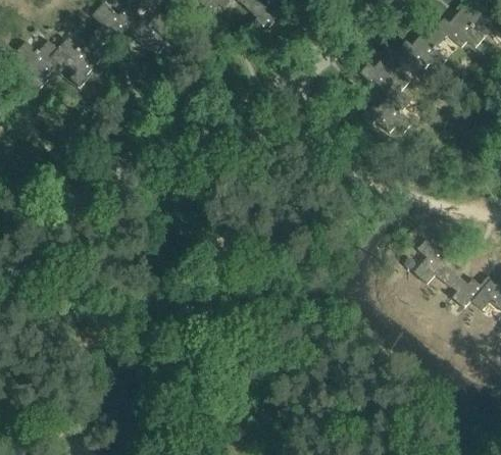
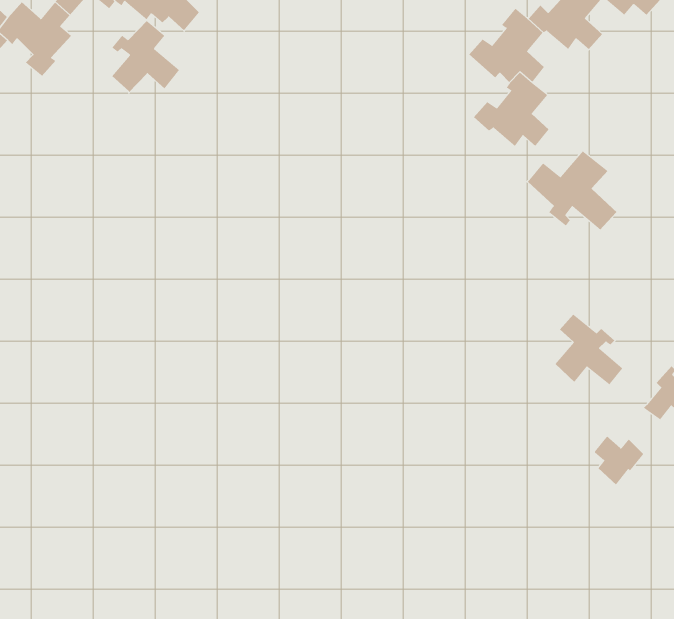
building: none -> [111,20,180,93]
building: none -> [527,150,618,231]
building: [450,276,483,309] -> [594,435,644,485]

